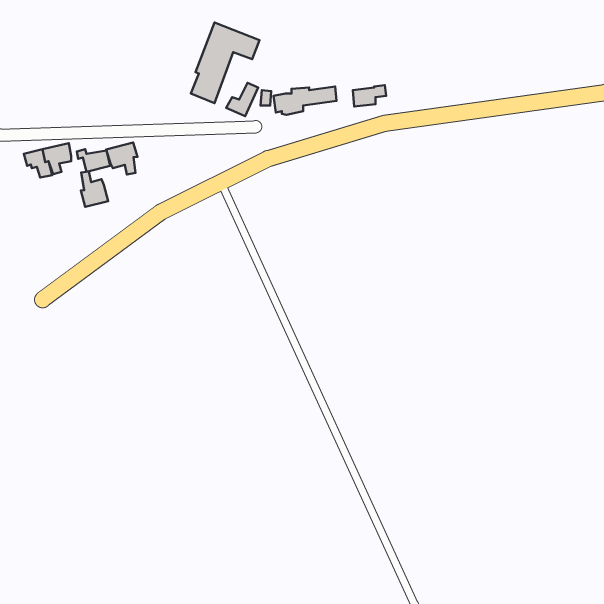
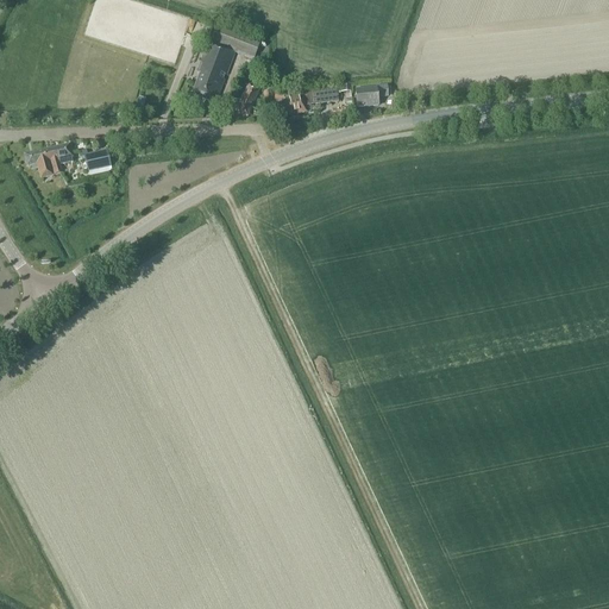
building: [106,143,137,174] -> none
building: [81,171,108,207] -> none

